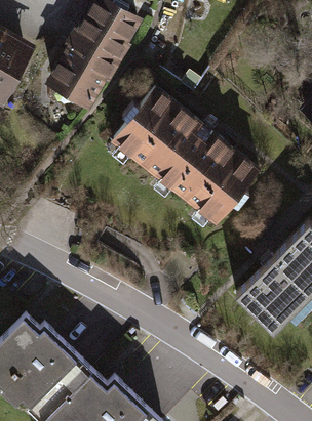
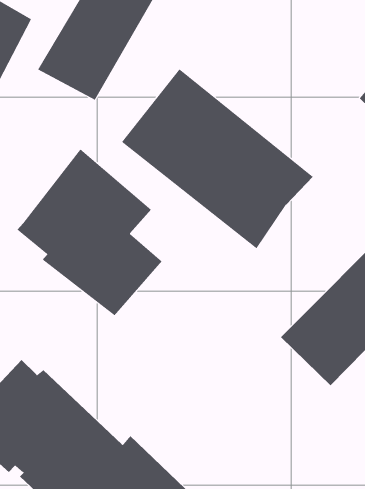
building: none -> [16,148,162,316]

